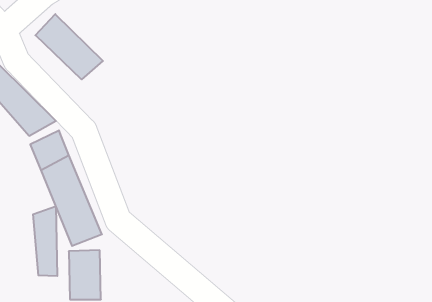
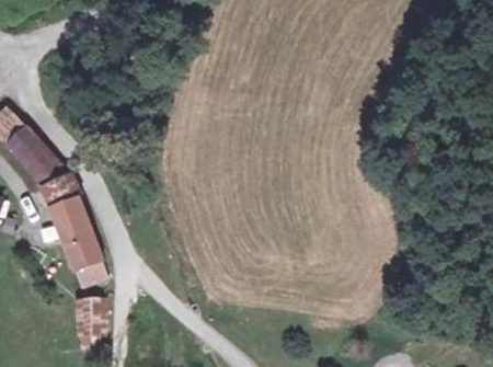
building: [35,14,103,79] -> none
building: [33,206,57,276] -> none

